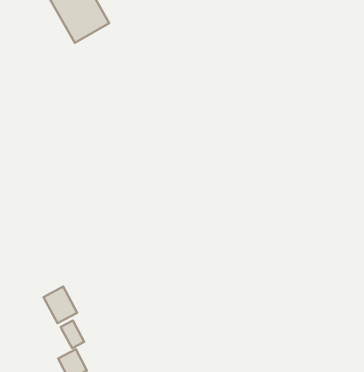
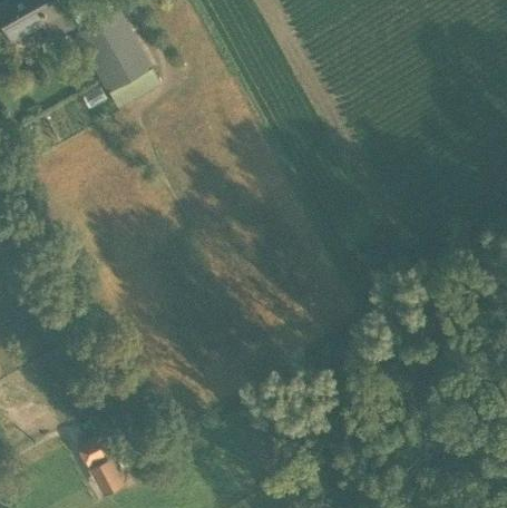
building: [43,287,77,323] -> none

